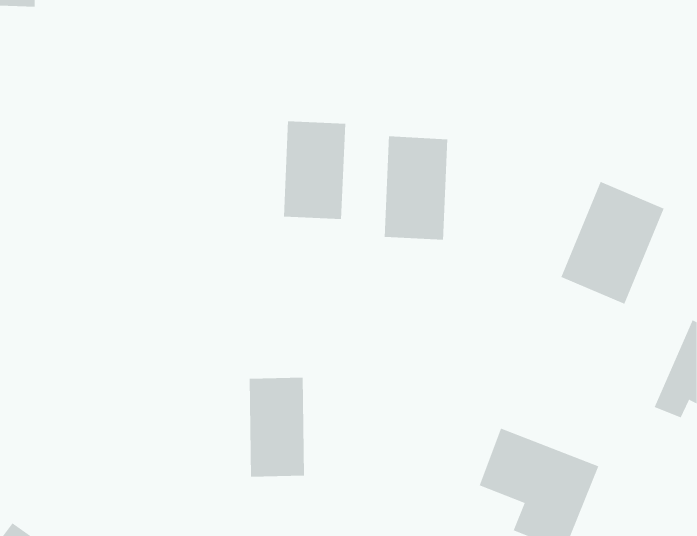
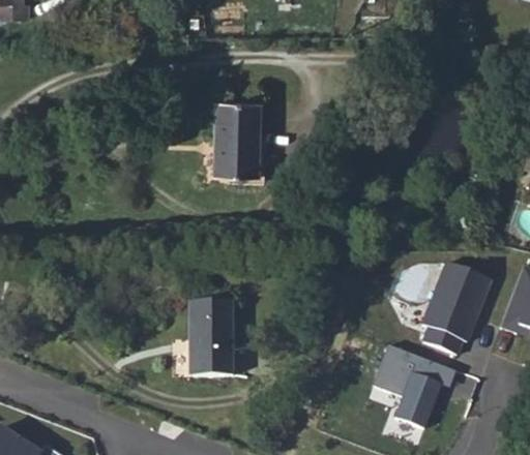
building: [384,136,448,241] -> none
building: [560,181,664,304] -> [424,249,503,342]

